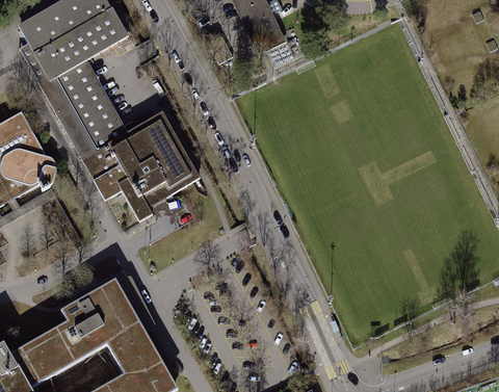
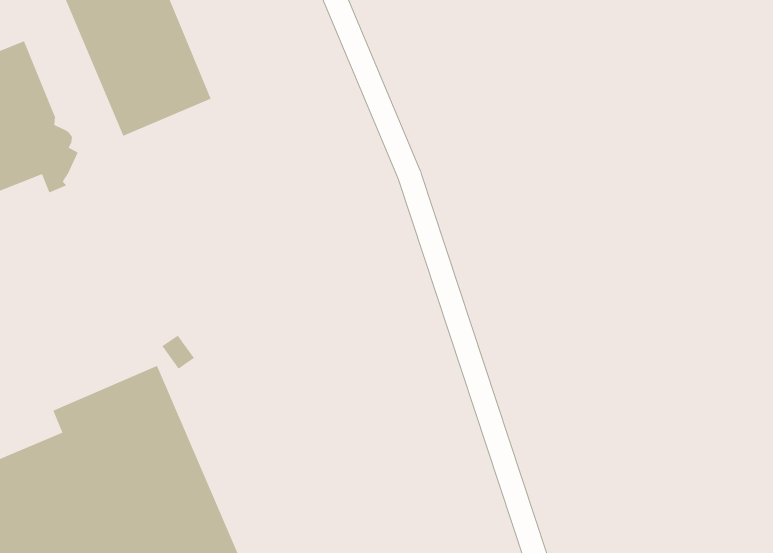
building: [81,111,199,220] -> none

